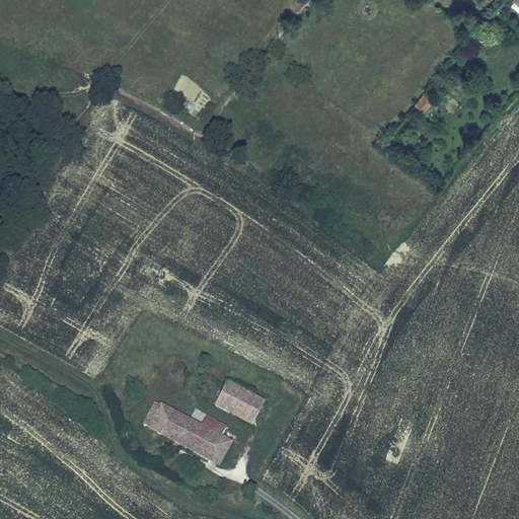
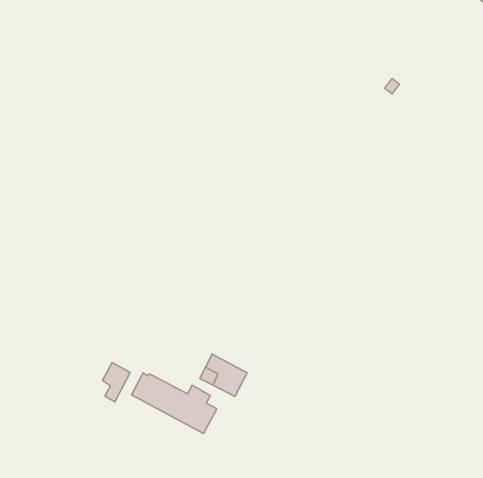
building: none -> [102,363,130,402]

